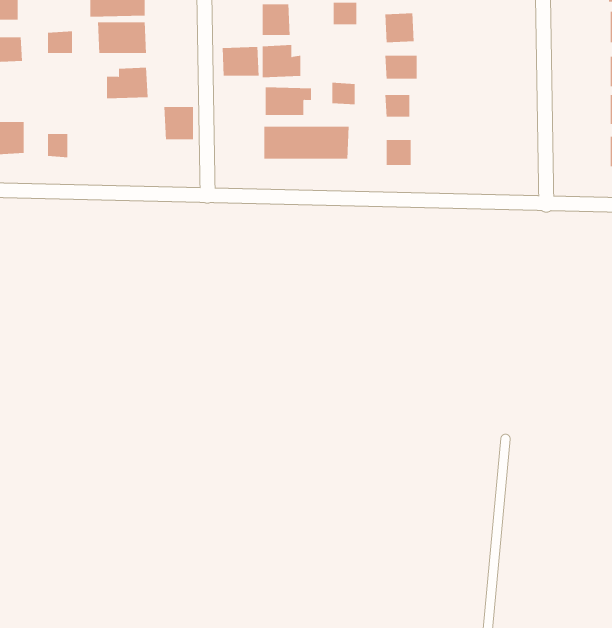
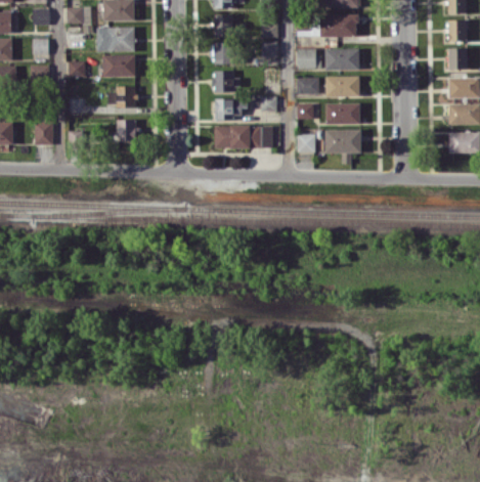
building: none -> [325,48,360,69]
building: [222,46,259,76] -> none
building: none -> [325,75,360,96]
building: none -> [326,102,361,124]
building: [163,107,194,140] -> [117,119,137,141]
building: none -> [325,129,362,164]

